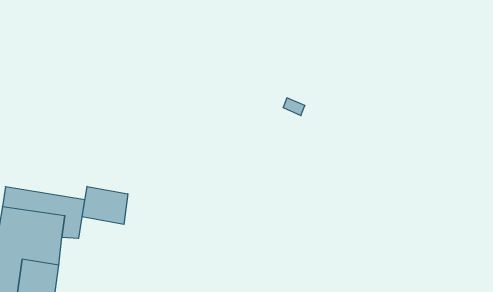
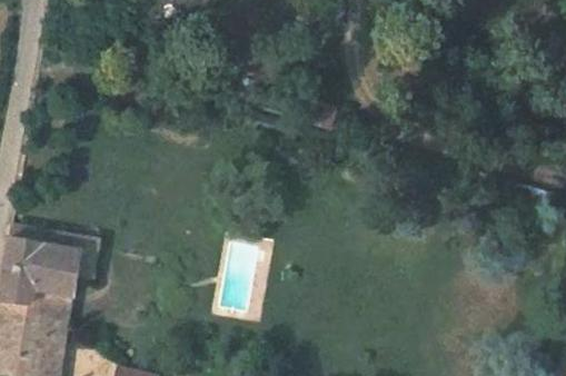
building: [82,186,128,224] -> none

